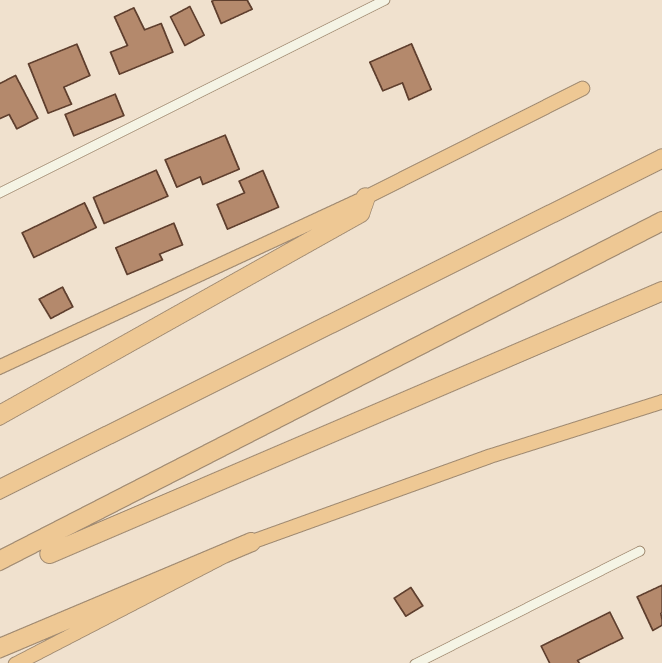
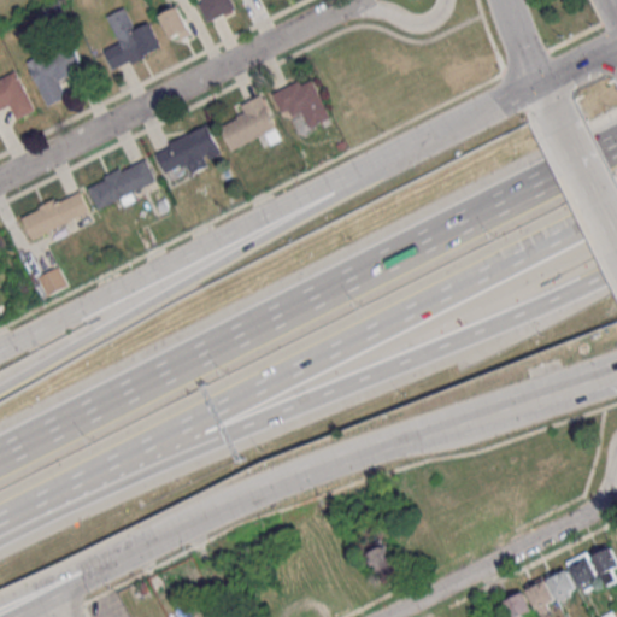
building: [370,44,431,100] -> [271,77,328,129]
building: [65,94,124,136] -> none
building: [217,171,278,229] -> [219,96,276,151]
building: [116,223,183,274] -> none
building: none -> [565,553,600,592]

